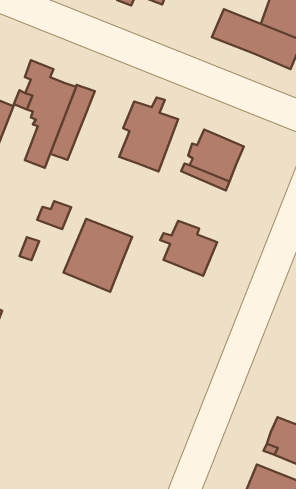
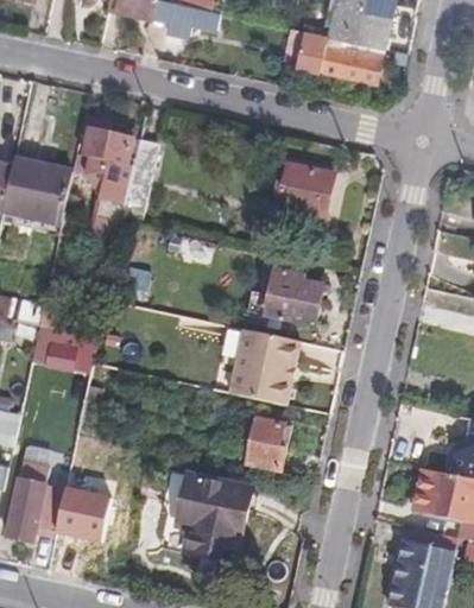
building: [119,97,178,171] -> none
building: [64,219,132,292] -> [232,328,302,405]
building: none -> [247,416,287,468]
building: none -> [159,474,249,570]

